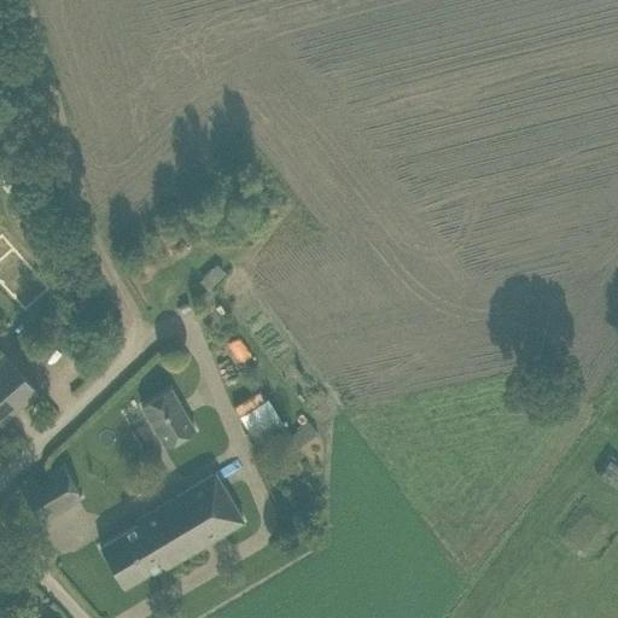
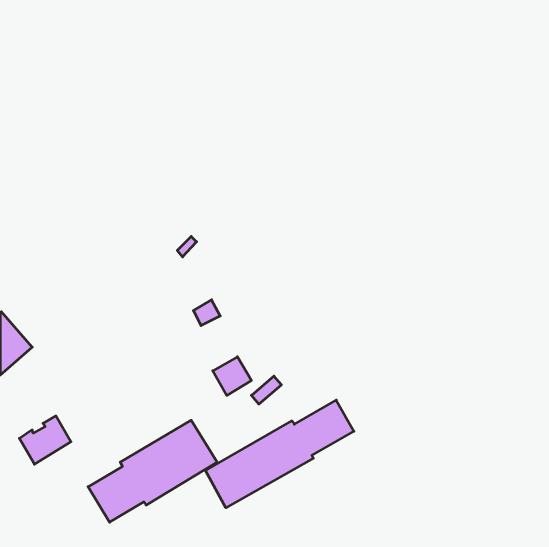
building: [140,391,194,449] -> none
building: none -> [205,400,354,508]

